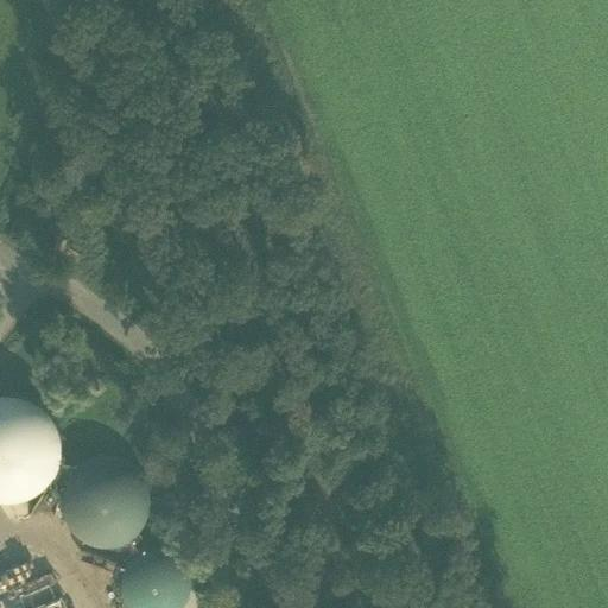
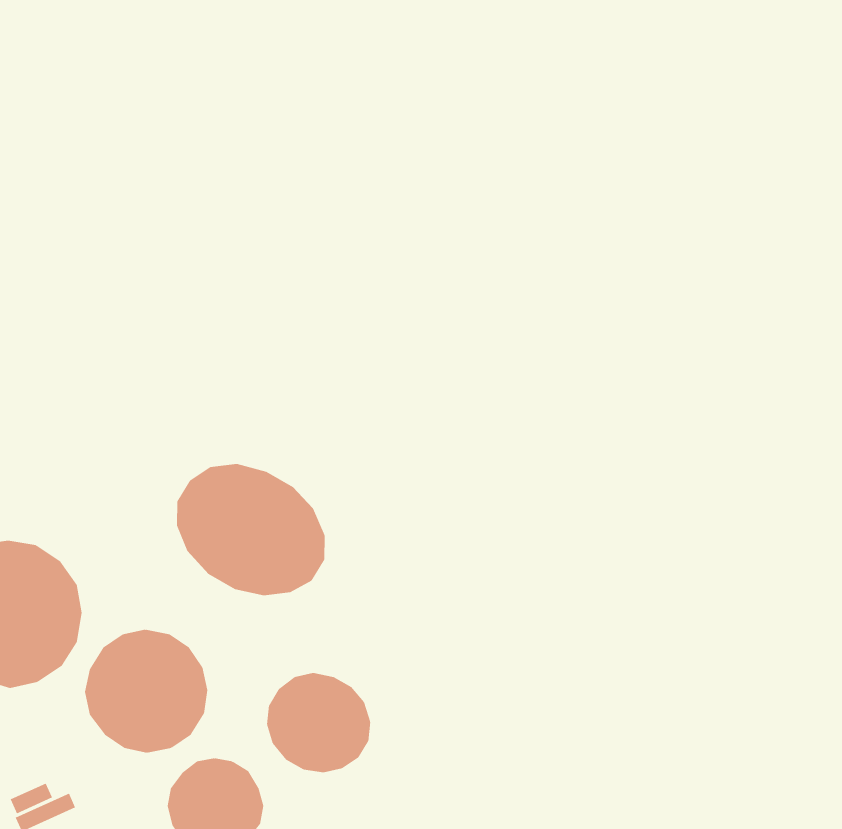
building: none -> [176,463,325,596]
building: none -> [267,672,371,773]

